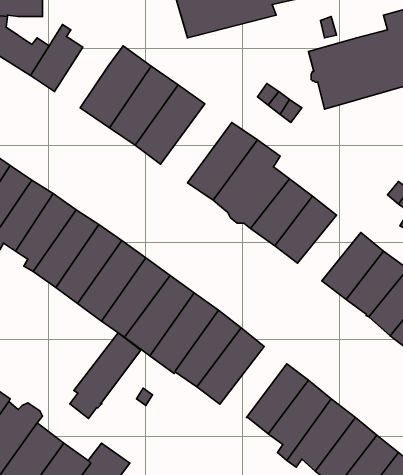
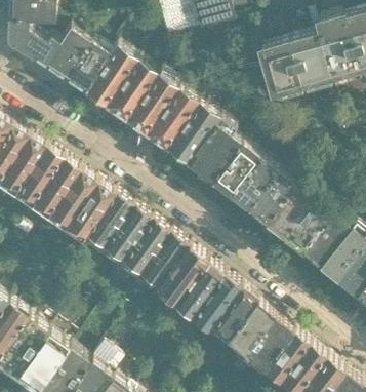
building: none -> [67,44,108,95]
building: none -> [148,92,202,153]
building: none -> [252,178,300,228]
building: [70,333,141,419] -> [190,278,244,344]

